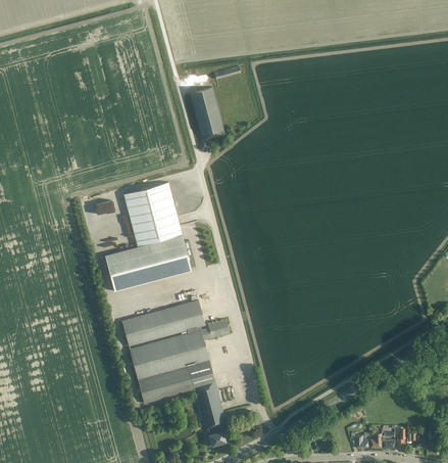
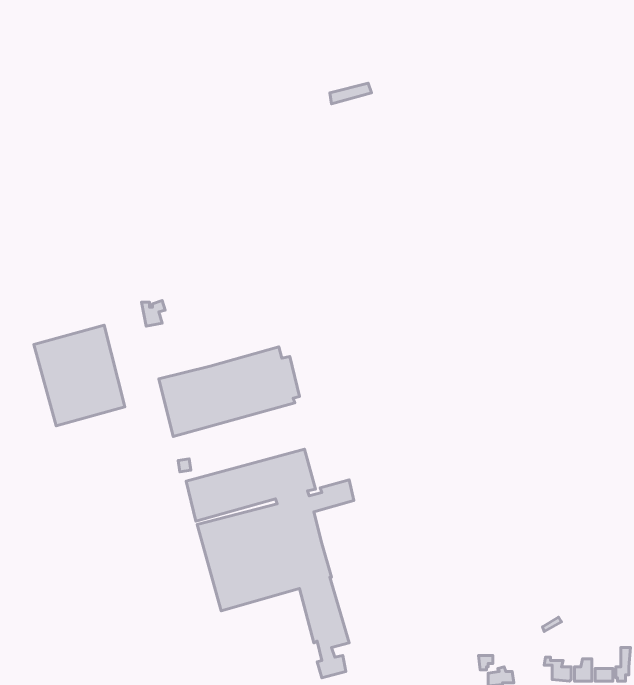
building: [189,86,223,139] -> none
building: [122,182,181,246] -> [34,325,125,426]

